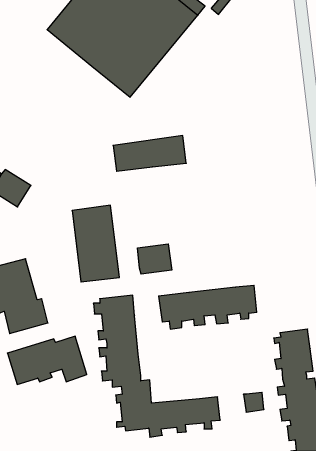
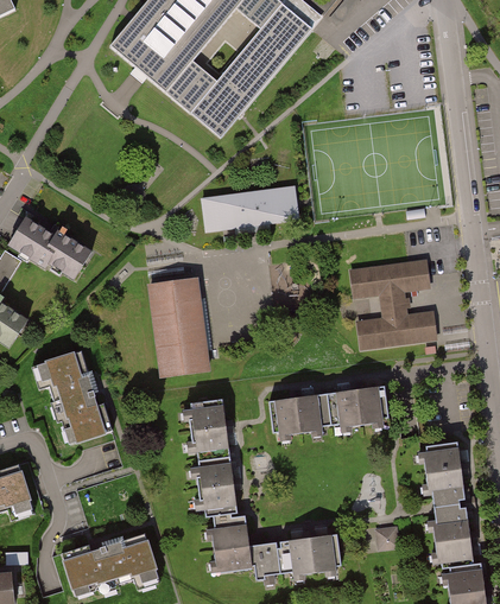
building: none -> [352,259,438,349]
building: [138,244,172,274] -> none
building: [7,336,87,384] -> [56,533,162,597]

